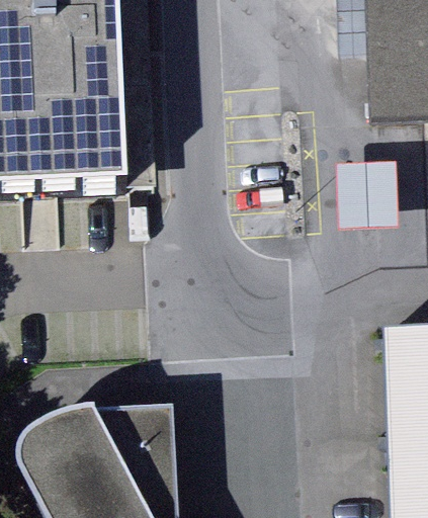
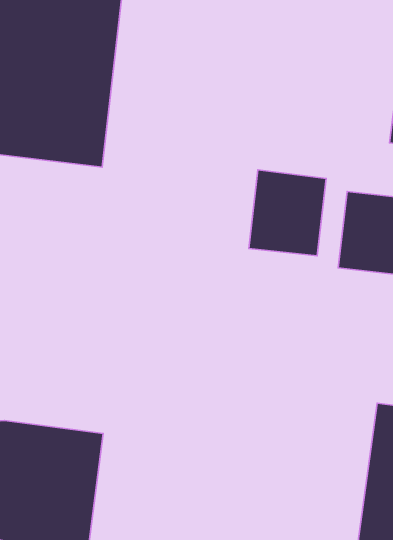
building: none -> [249,170,326,256]

